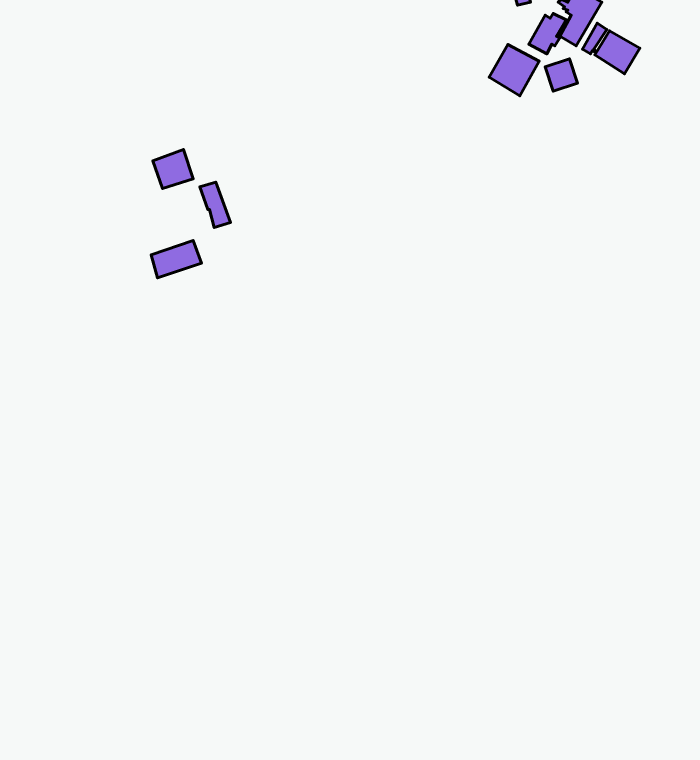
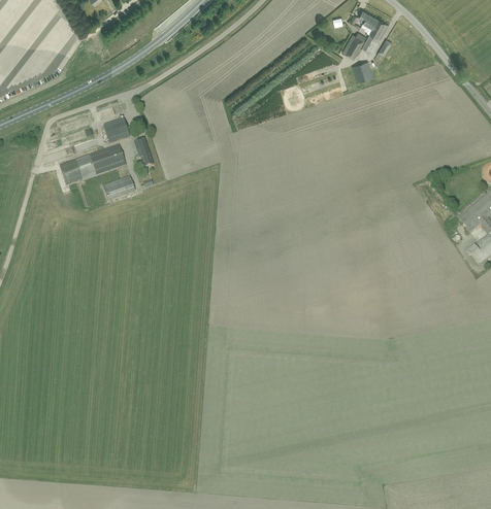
building: [595,31,640,74] -> none
building: [489,44,539,96] -> none
building: none -> [59,143,125,184]

